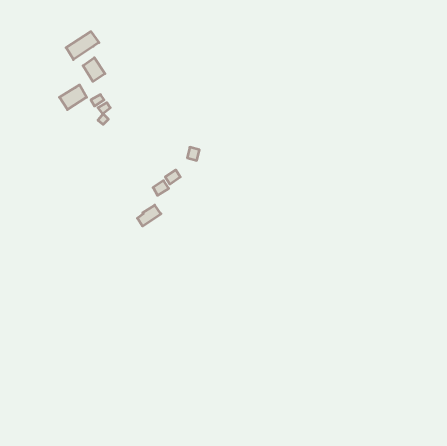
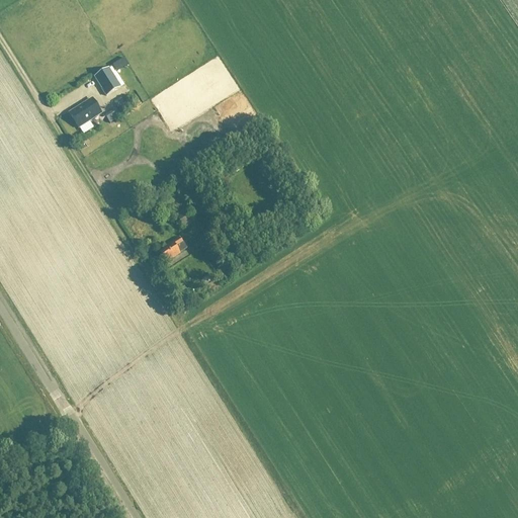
building: [66,32,99,60] -> none

